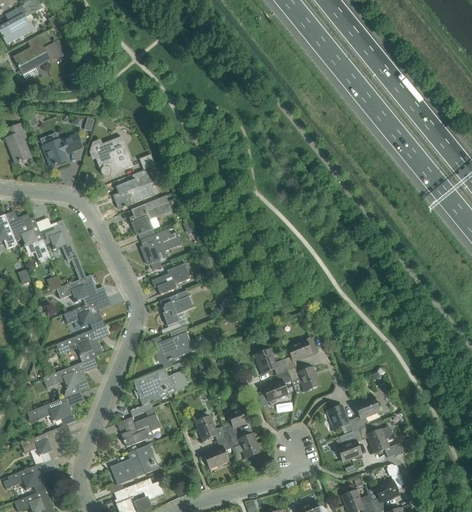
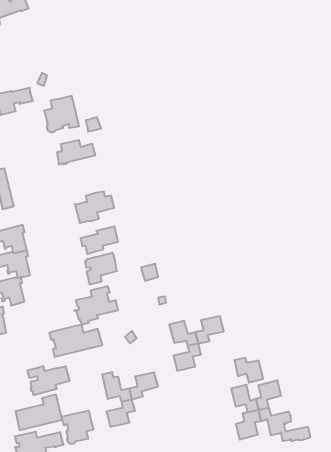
building: [131,195,178,235] -> none
building: [287,366,319,391] -> [234,358,263,383]
building: [227,432,260,458] -> none
building: none -> [61,410,93,444]

